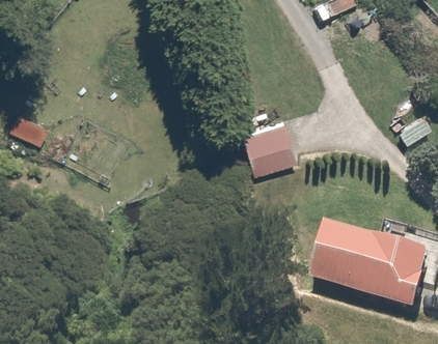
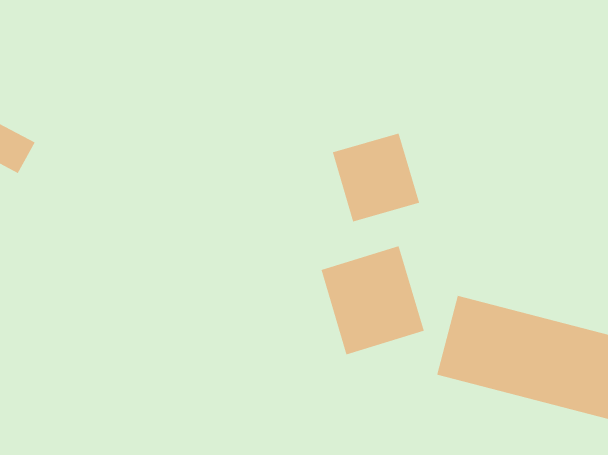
building: none -> [320,245,425,355]

